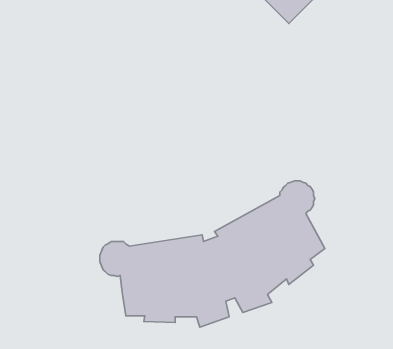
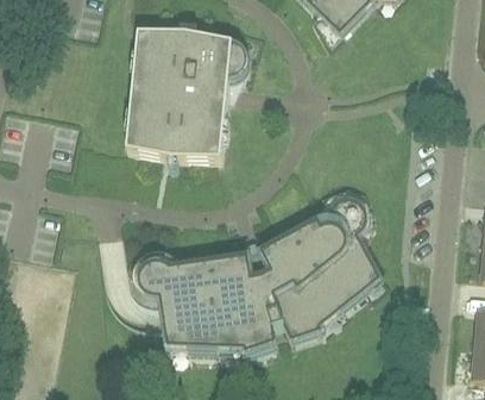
building: none -> [126,24,246,157]

